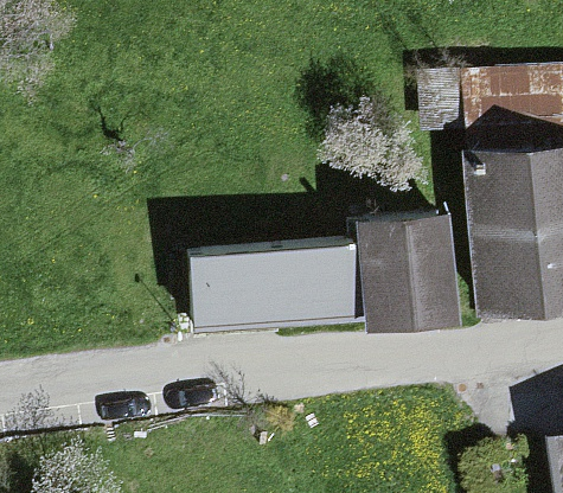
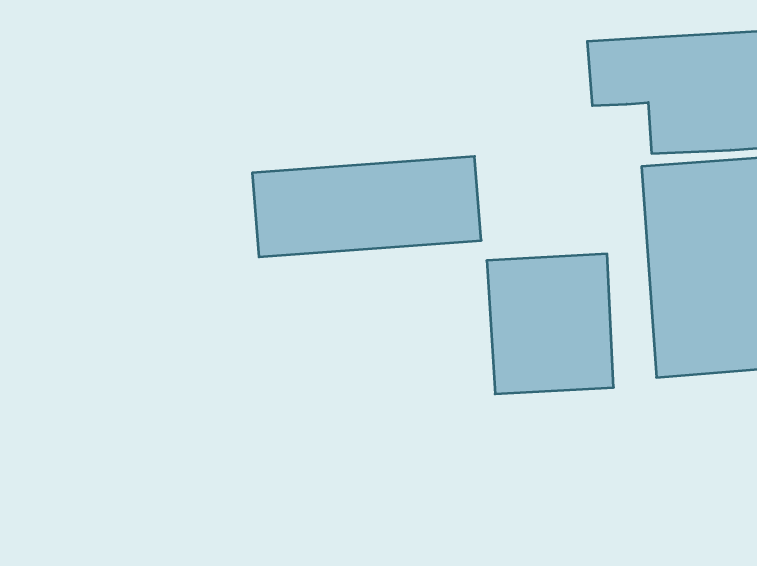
building: [187,254,352,326] -> [252,156,481,257]

